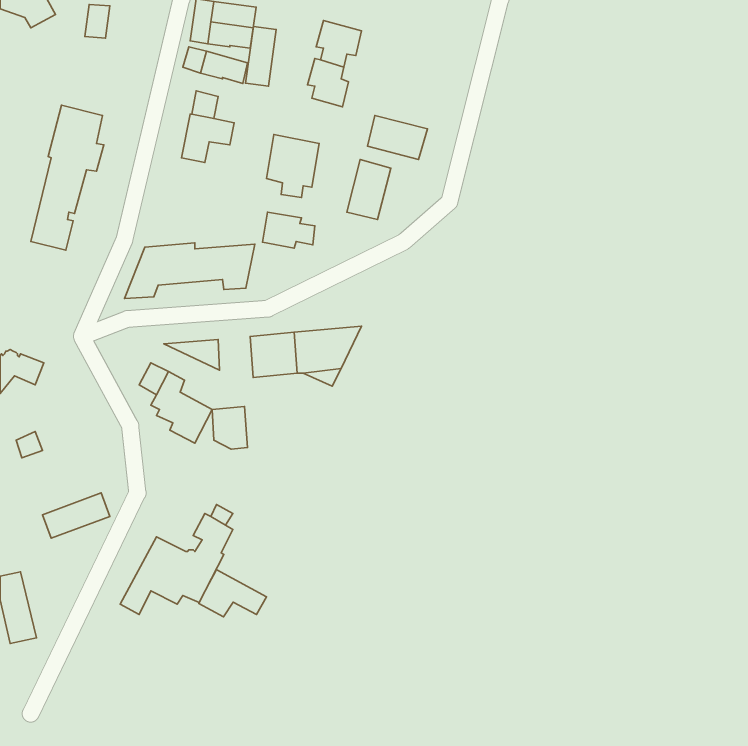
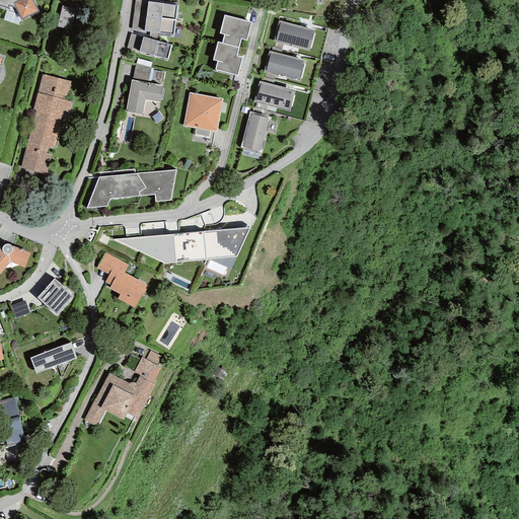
building: [246,26,276,86] -> none
building: none -> [274,19,315,51]
building: none -> [264,50,305,81]
building: [263,212,315,248] -> none
building: none -> [36,278,73,314]
building: [212,407,247,449] -> [151,233,175,263]
building: [199,570,266,617] -> none

